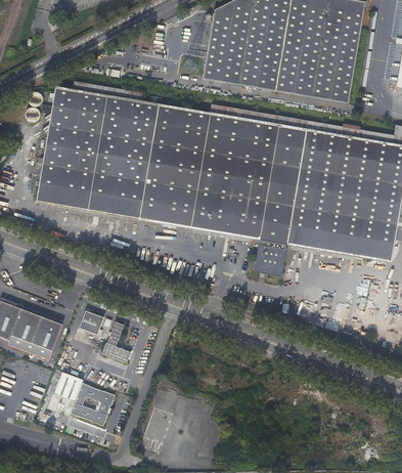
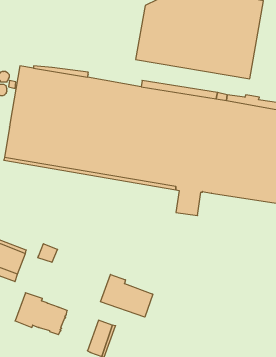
building: [102,322,132,364] -> none
building: none -> [101,274,153,317]

